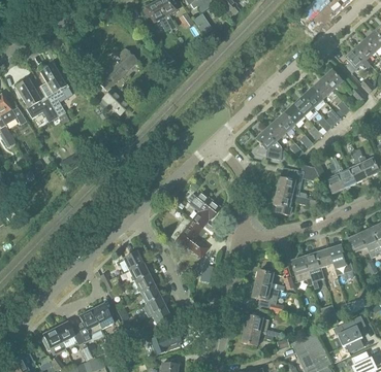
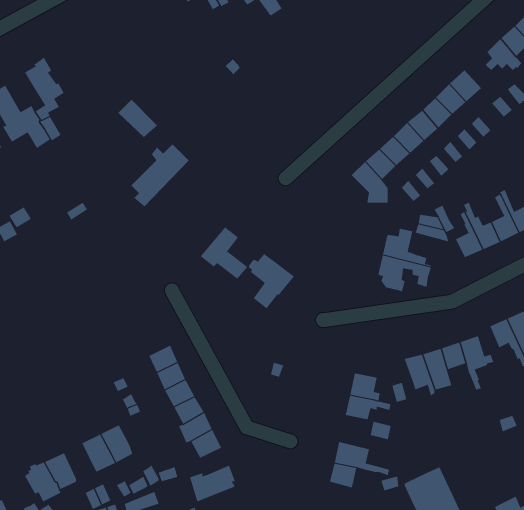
building: [97,46,136,89] -> [130,143,190,207]
building: [176,219,208,255] -> [200,227,248,280]
building: [338,314,366,351] -> none

